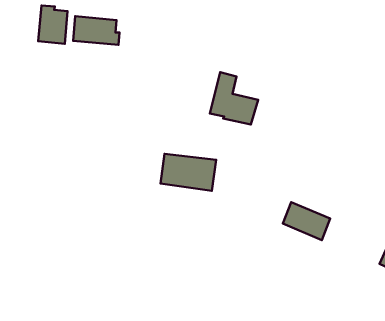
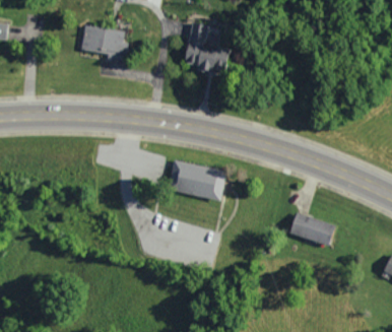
building: [38,5,68,44] -> none
building: [210,72,258,125] -> [184,22,232,74]

